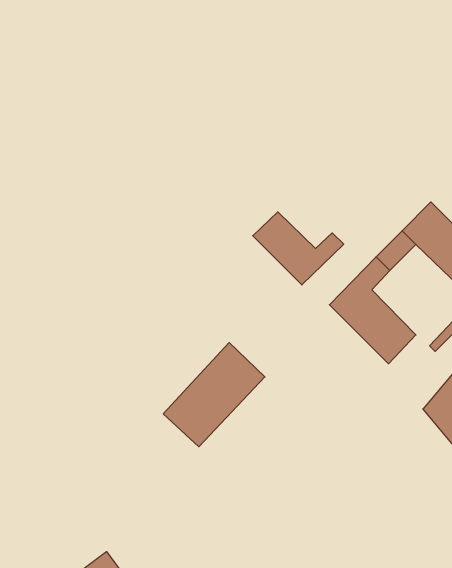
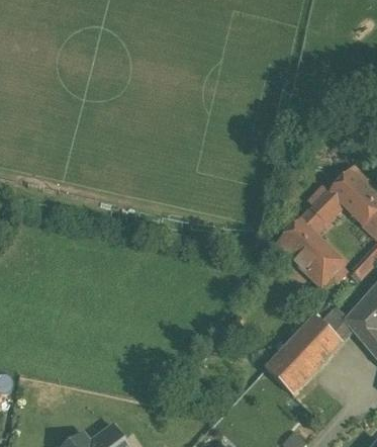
building: [253,212,344,285] -> none
building: [163,343,265,447] -> [267,316,342,392]

